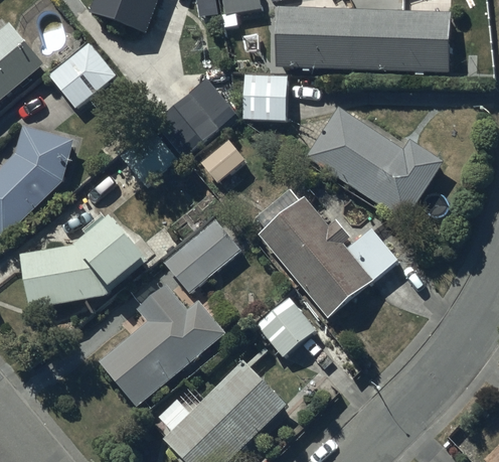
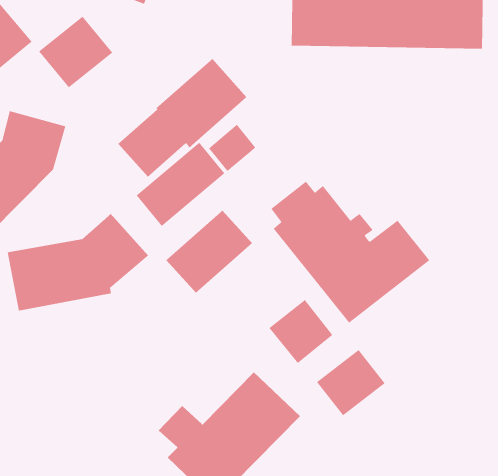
building: [243,74,287,120] -> none
building: [306,108,443,220] -> none
building: none -> [136,142,225,227]
building: [101,285,224,405] -> none
building: none -> [316,349,386,416]

